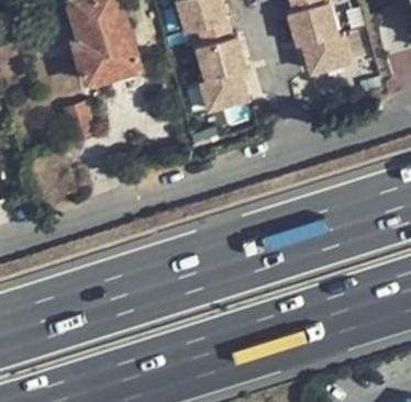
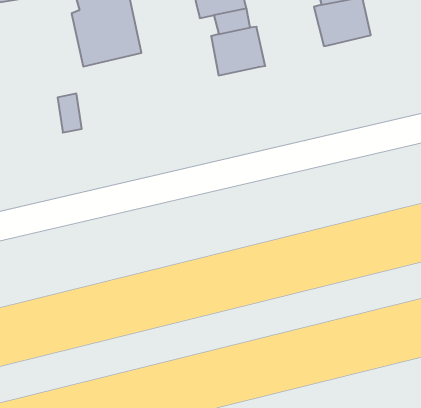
building: [300,36,353,76] -> none
building: [199,71,251,115] -> none

